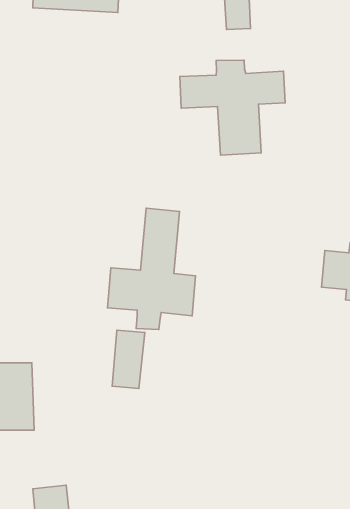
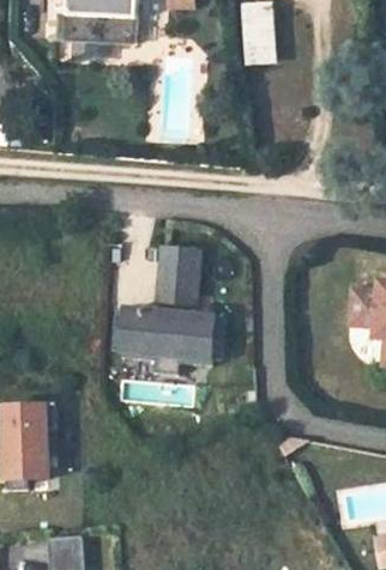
building: [180,60,285,155] -> none
building: [112,330,145,389] -> none

